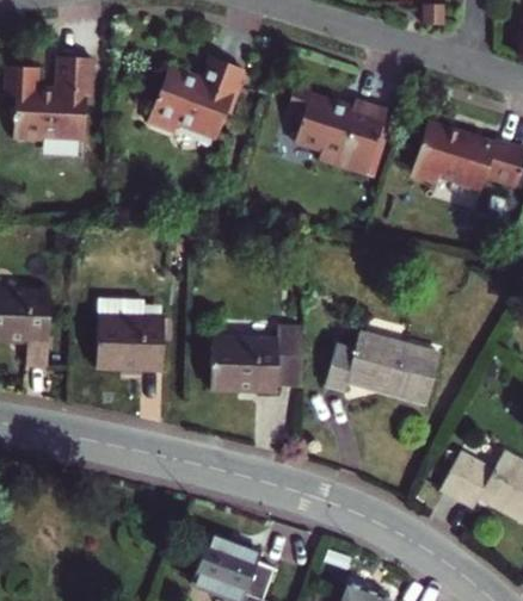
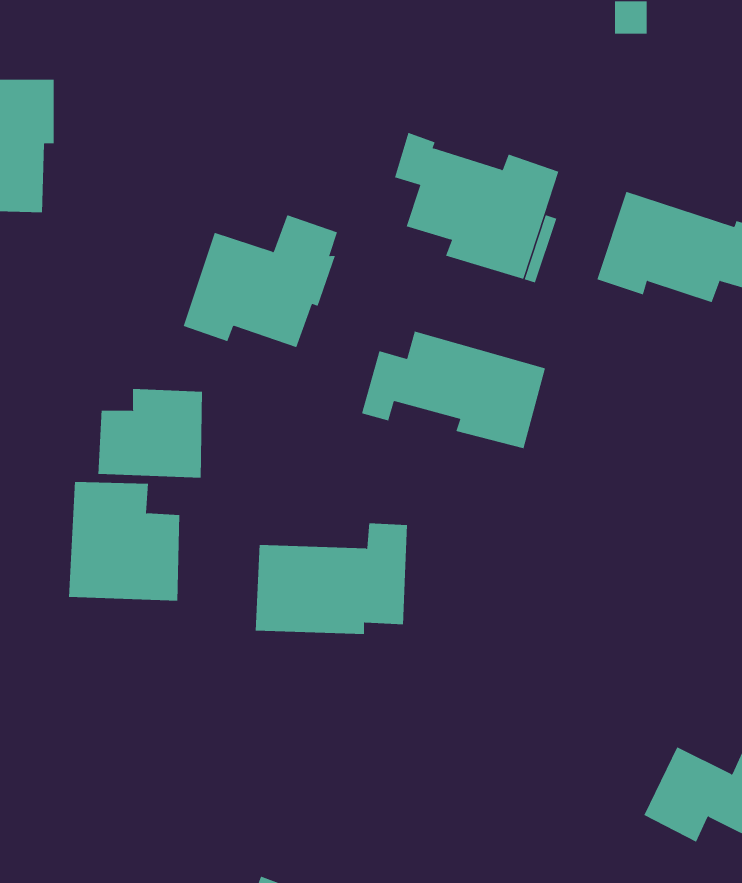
building: [142,50,236,131] -> [183,214,338,348]
building: none -> [98,388,203,478]
building: [328,332,441,403] -> [361,331,546,449]

